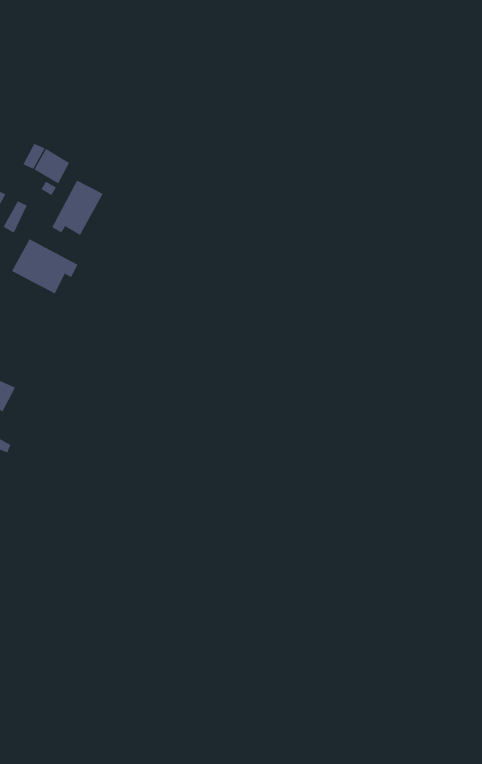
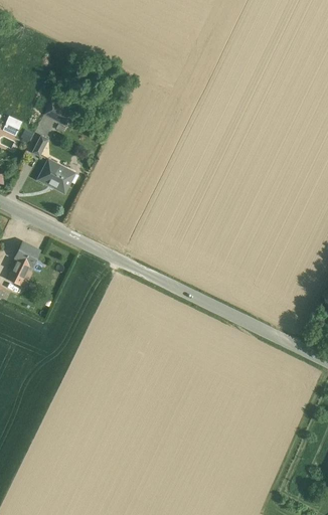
building: [51,180,103,236] -> none

